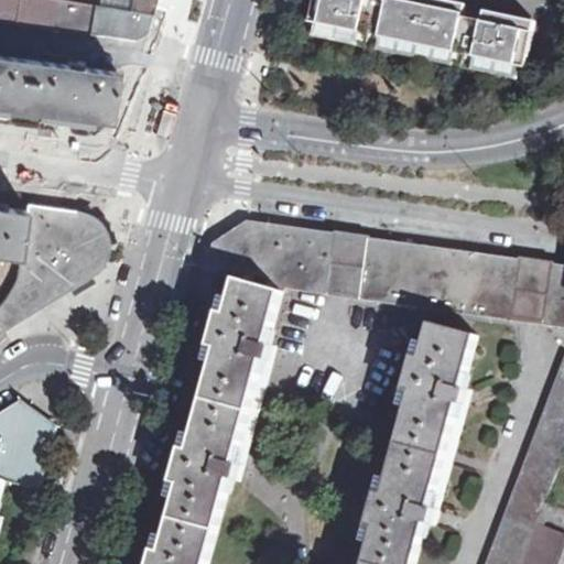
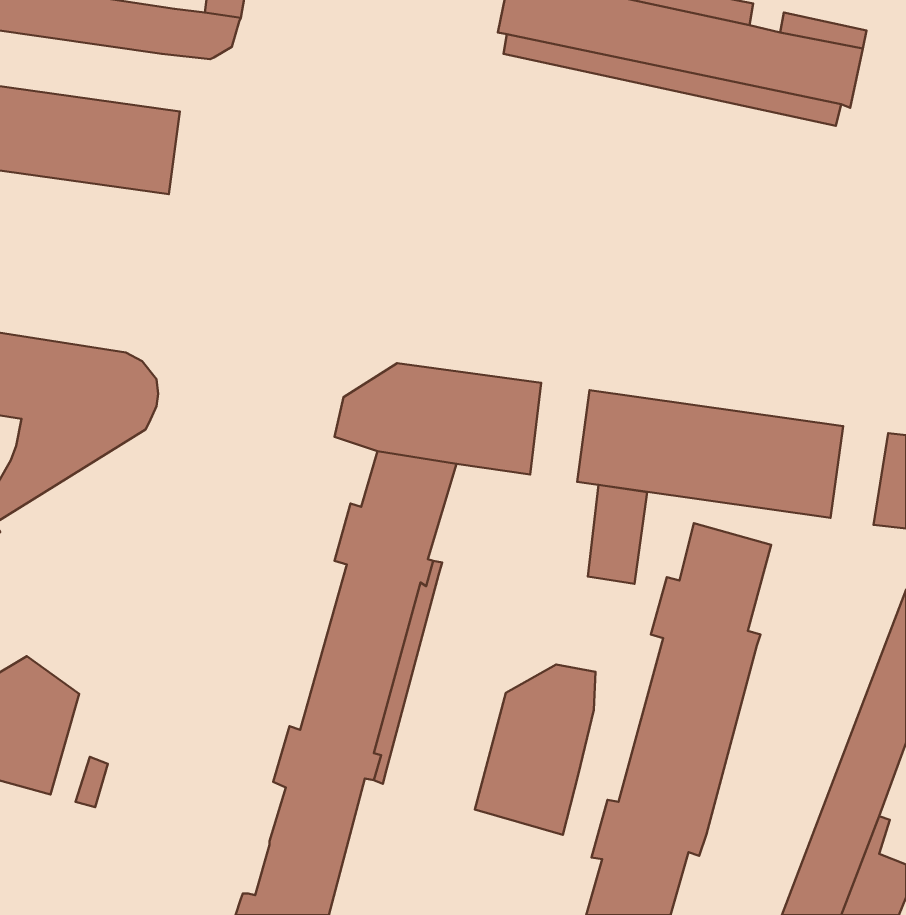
building: [325,235,361,295] -> [588,485,647,584]
building: [509,261,544,322] -> none
building: none -> [475,664,596,835]

